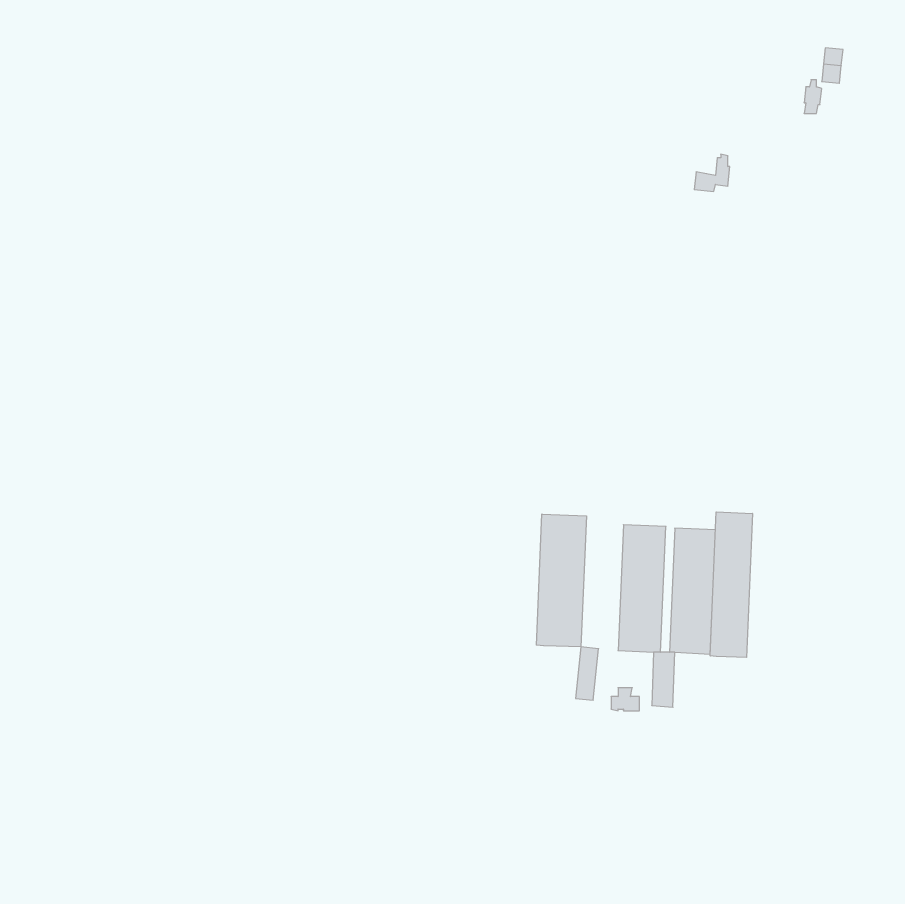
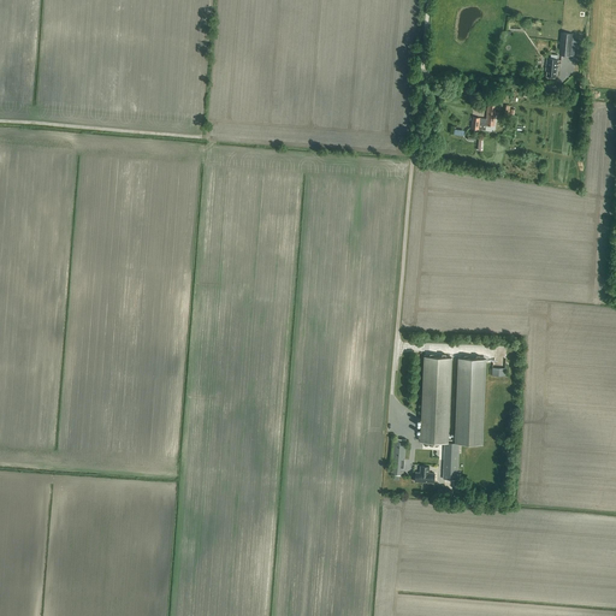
building: [710,512,752,657] -> none
building: [536,514,586,647] -> none

